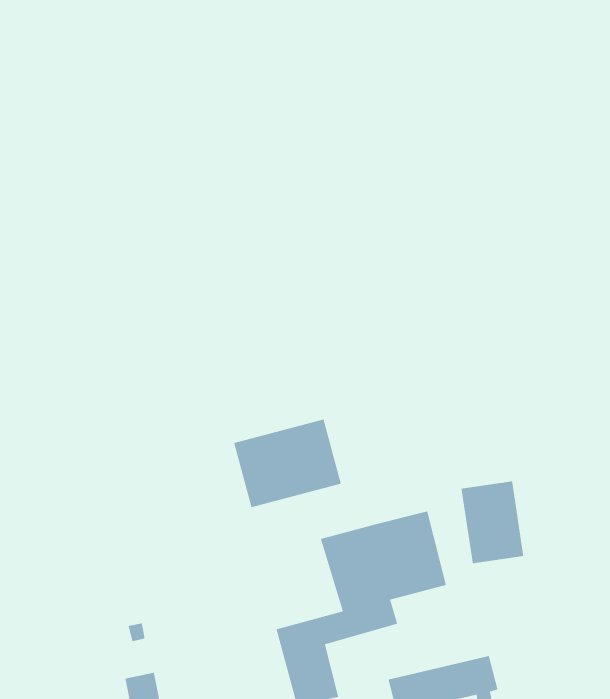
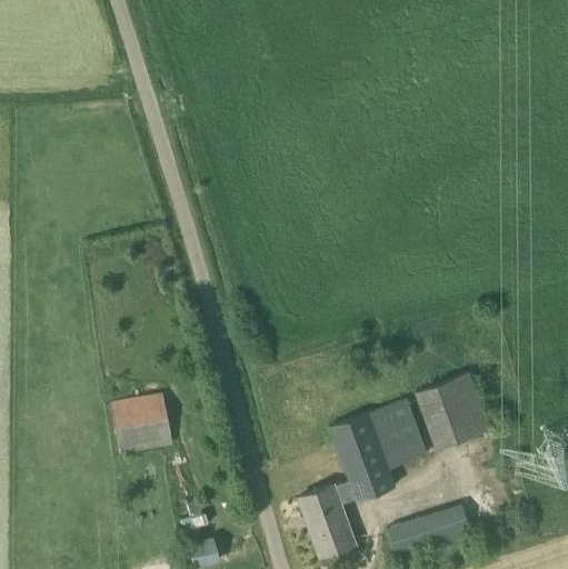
building: [233,419,342,508] -> none
building: none -> [110,395,172,455]

